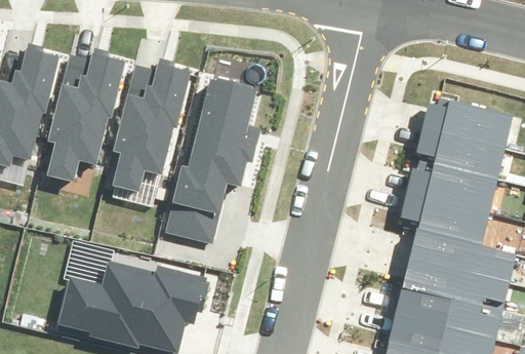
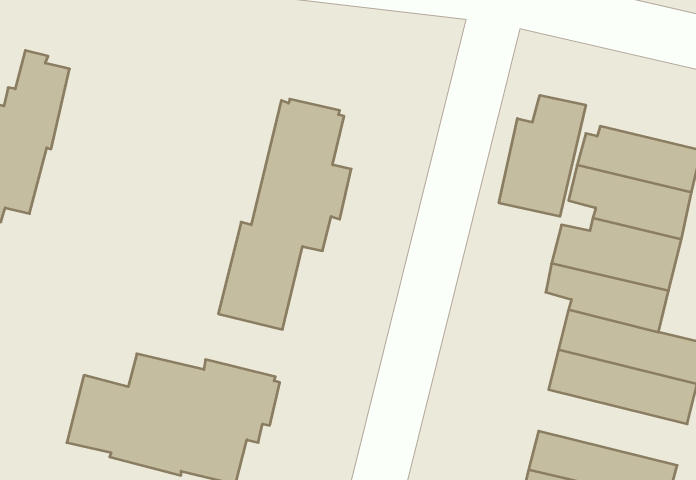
building: [46,49,125,182] -> none
building: [112,58,191,191] -> none
building: none -> [499,95,586,216]
building: [395,286,501,341] -> none

